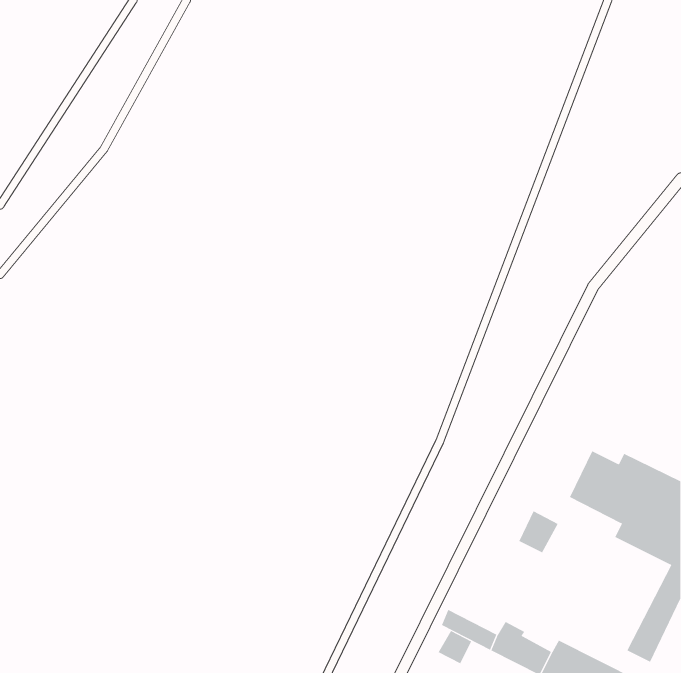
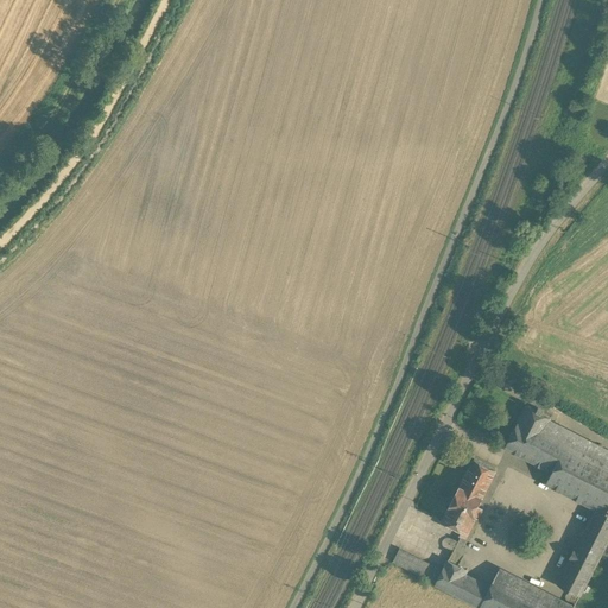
building: none -> [443,488,483,538]
building: [438,630,472,664] -> none

